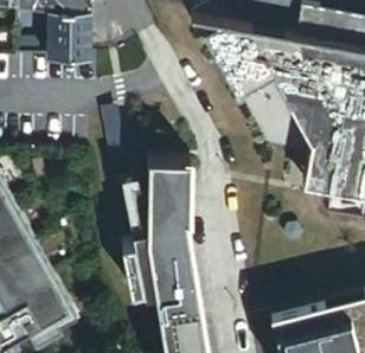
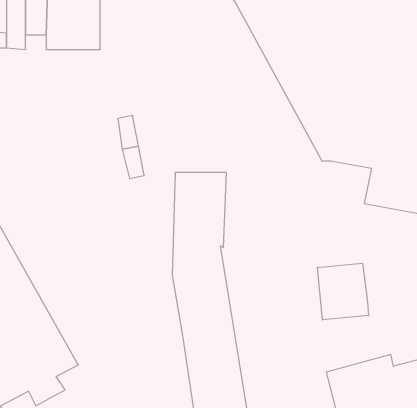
building: none -> [318,263,369,320]
building: [122,240,155,293] -> none

